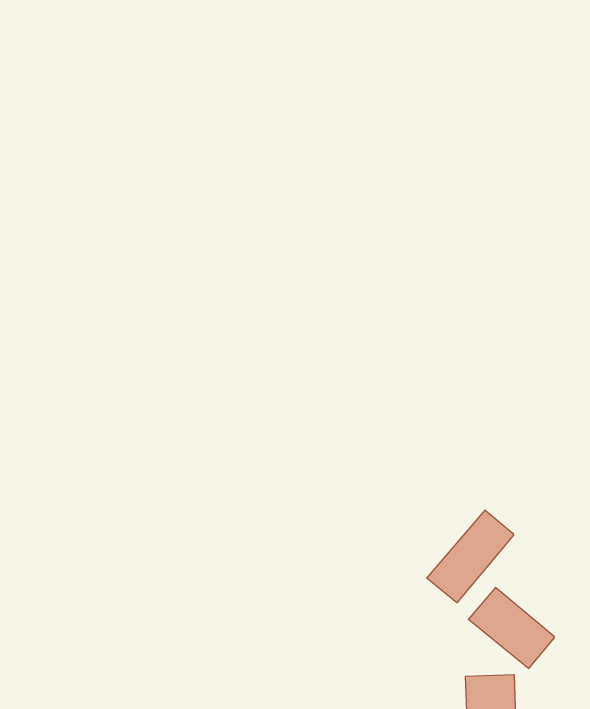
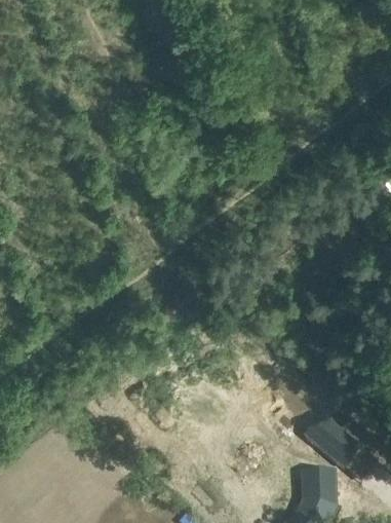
building: [427,510,513,603] -> none

